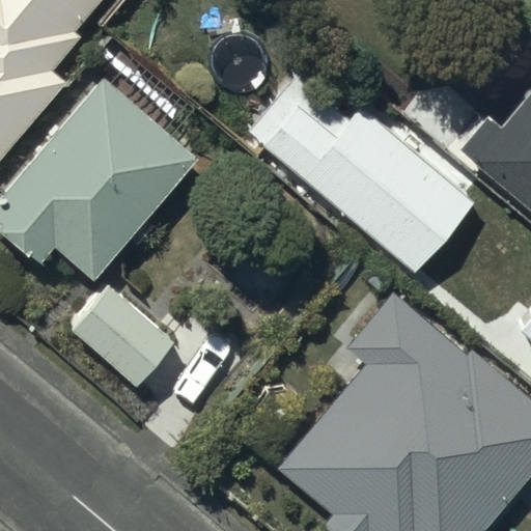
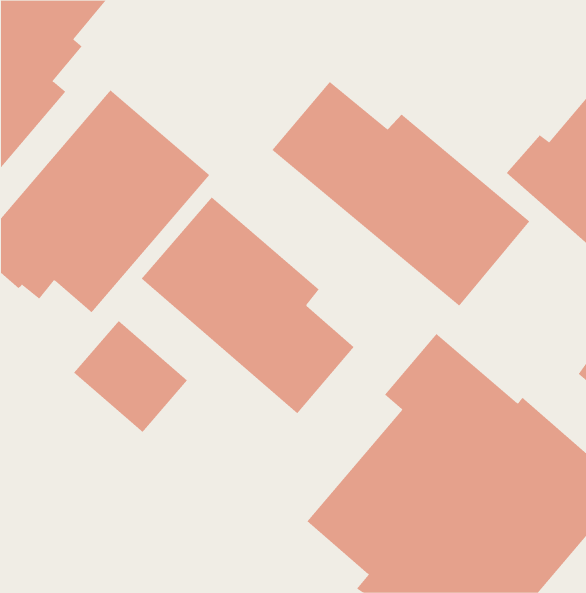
building: none -> [141,197,354,414]

